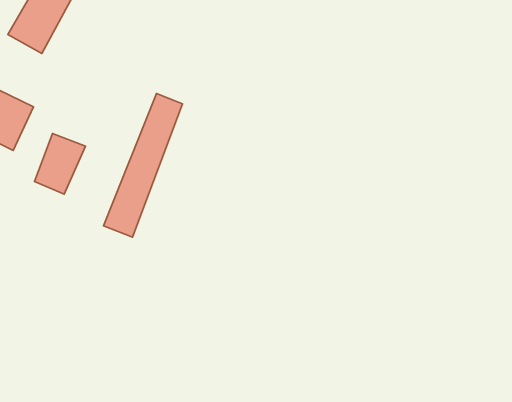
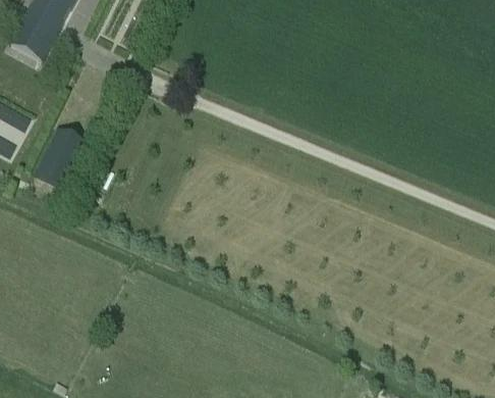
building: [103,93,183,237] -> none

